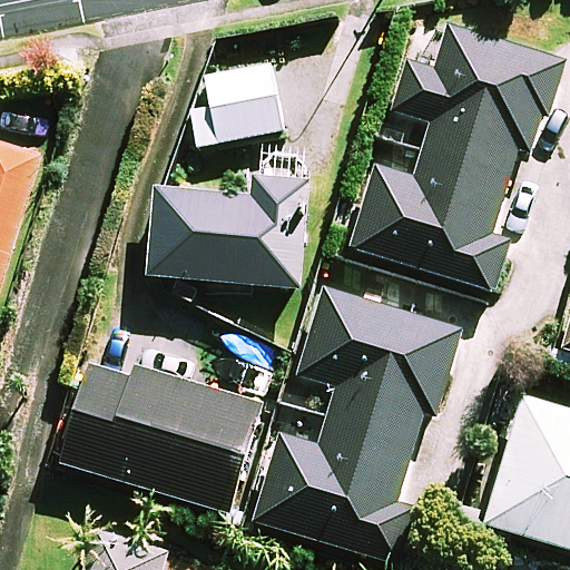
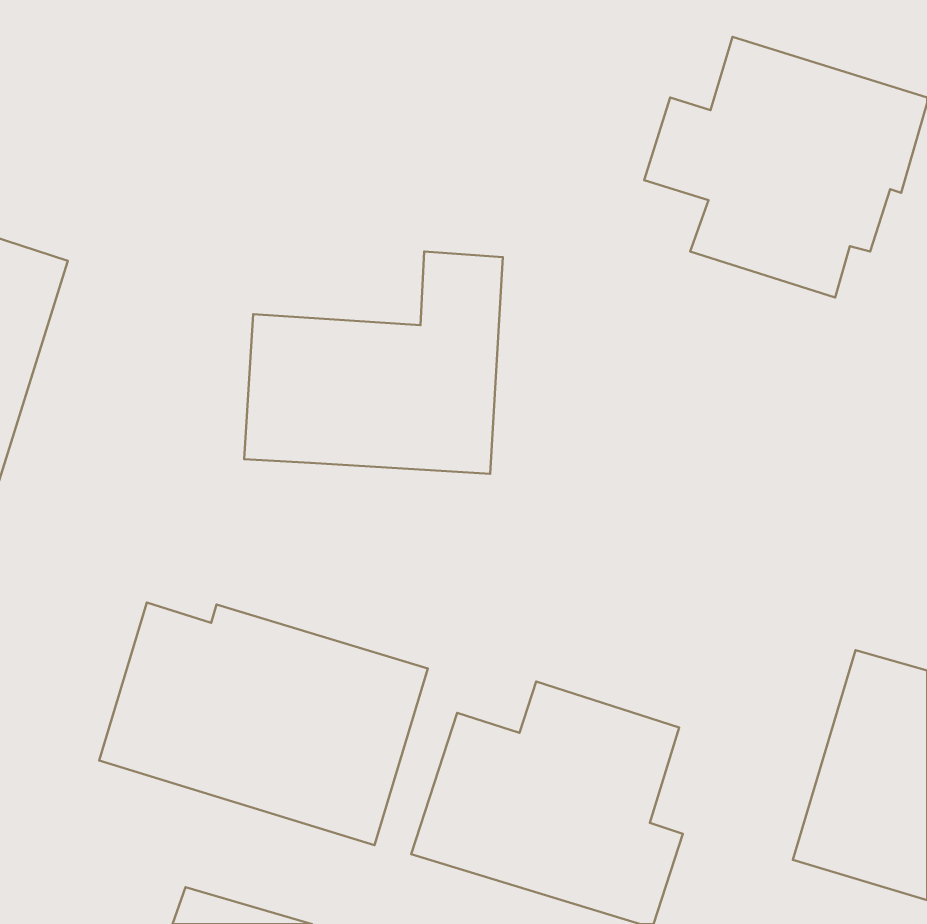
building: [188,63,281,142] -> none
building: [346,153,510,292] -> none
building: [295,284,461,441] -> none

